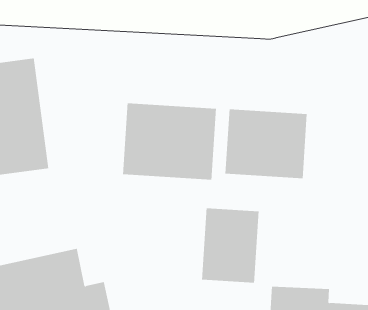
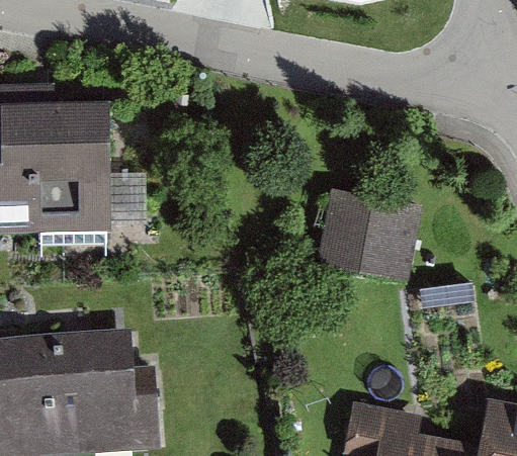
building: [123,103,216,181] -> none
building: [201,208,259,283] -> none

